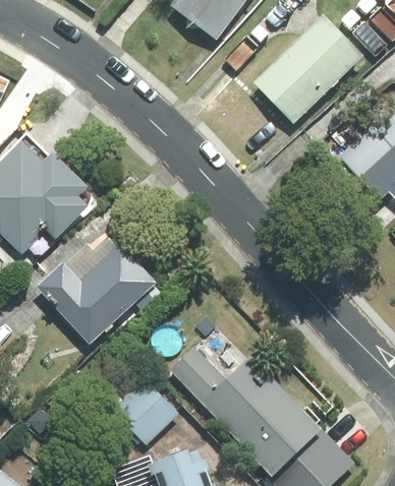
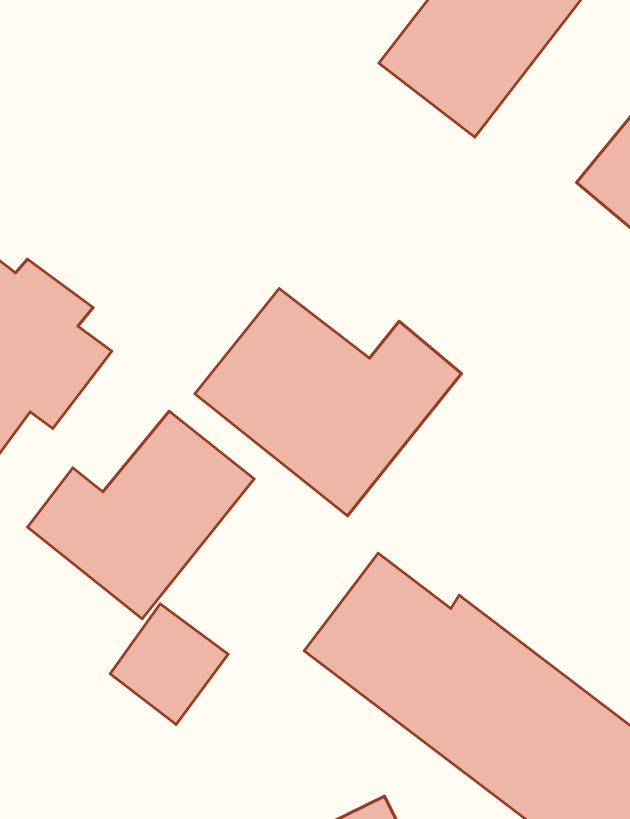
building: none -> [195,288,462,516]
building: [116,384,177,446] -> [110,604,228,724]

